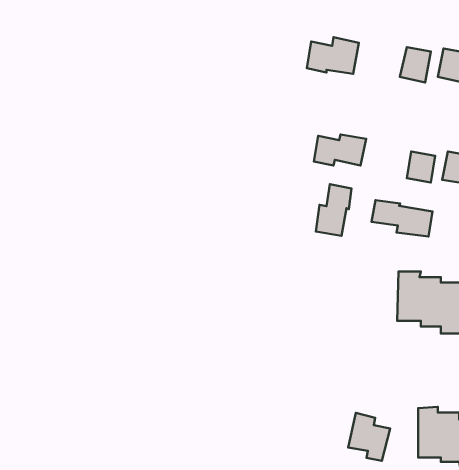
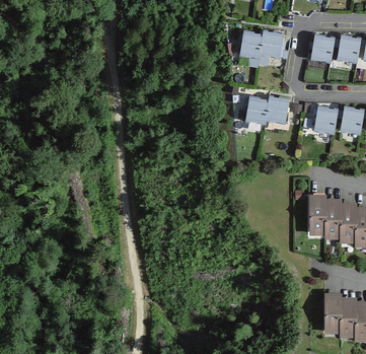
building: [316,184,352,236] -> none
building: [371,200,432,237] -> none
building: [348,413,390,461] -> none

